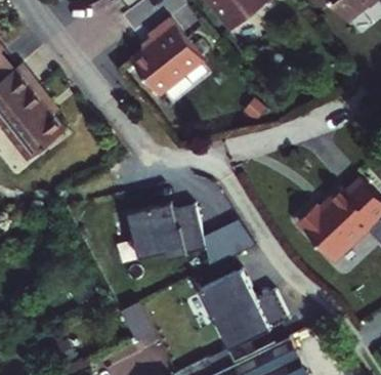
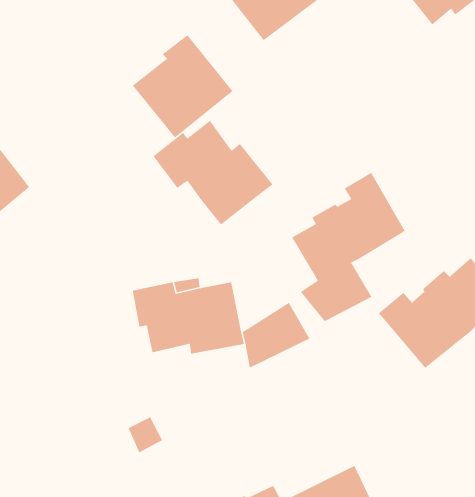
building: none -> [152,120,273,225]
building: none -> [291,172,406,322]
building: [202,267,290,347] -> none

